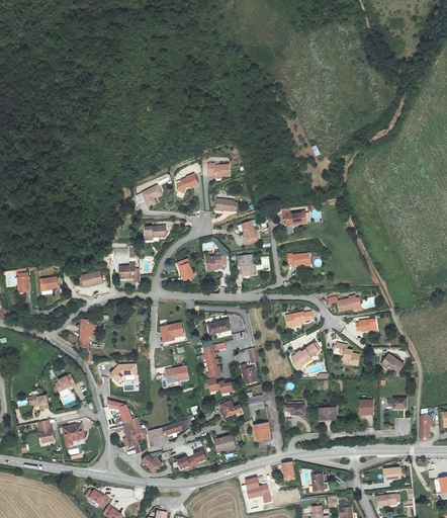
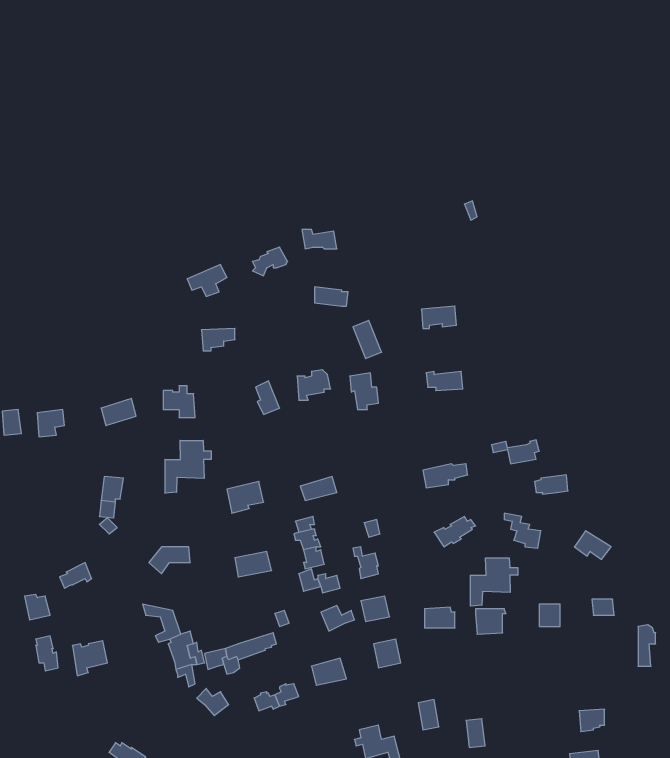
building: none -> [165,440,211,493]
building: none -> [470,558,518,606]

